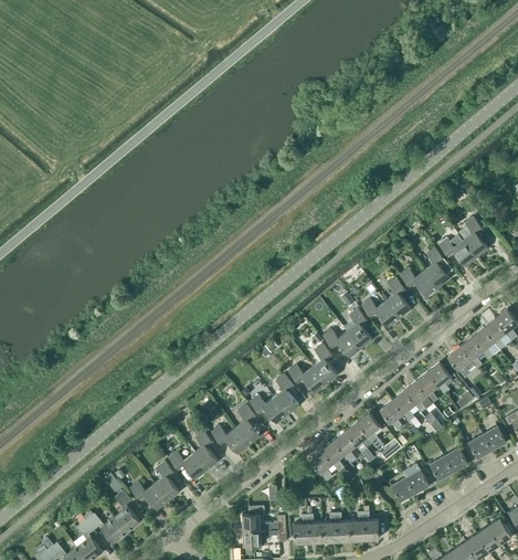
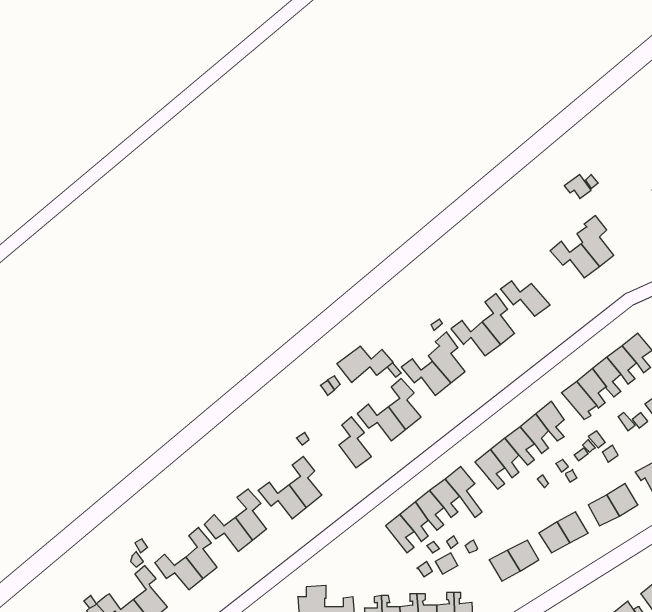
building: [423,247,448,287] -> none
building: none -> [337,346,393,383]
building: [249,395,286,423] -> none

